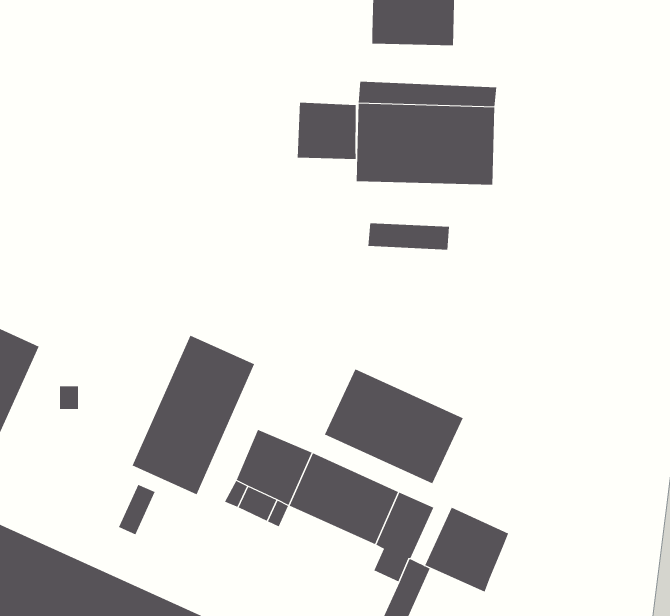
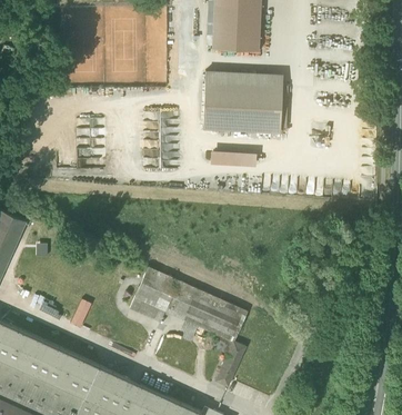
building: [297,102,356,160] -> none
building: [132,335,255,495] -> none
building: [324,368,464,484] -> none
building: [424,507,509,592] -> none

